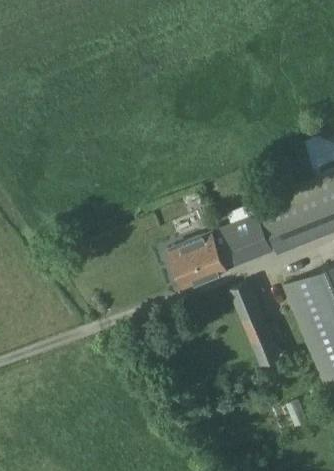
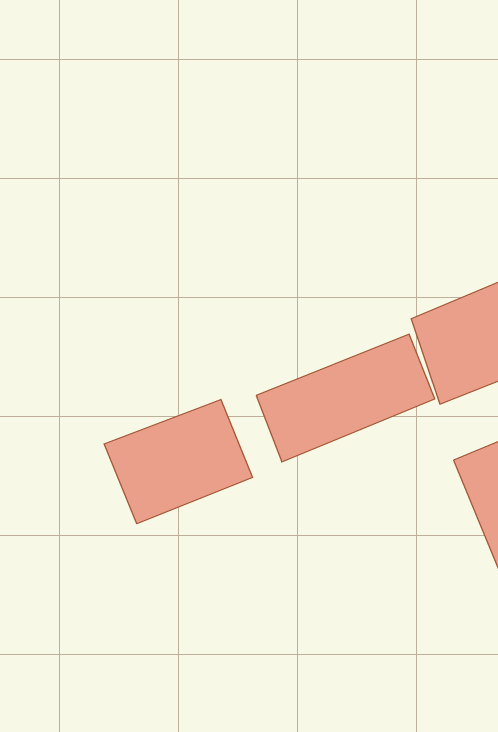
building: none -> [104,399,252,524]
building: [229,282,281,366] -> none

